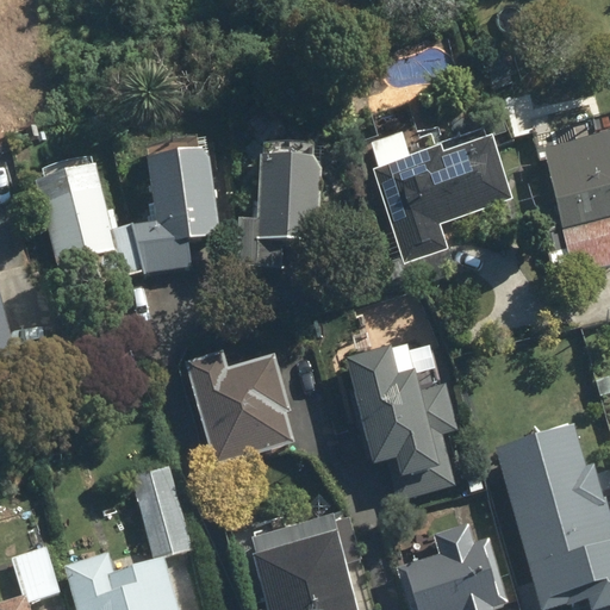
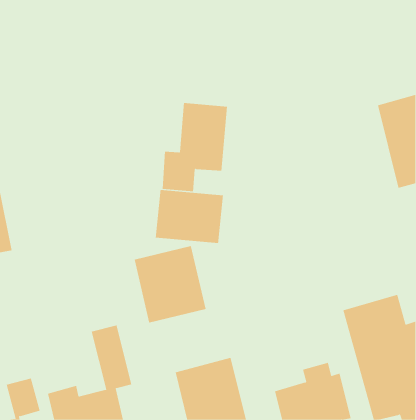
building: [367,132,515,267] -> none
building: [36,138,217,282] -> none
building: none -> [155,189,223,244]
building: [349,347,456,494] -> none

